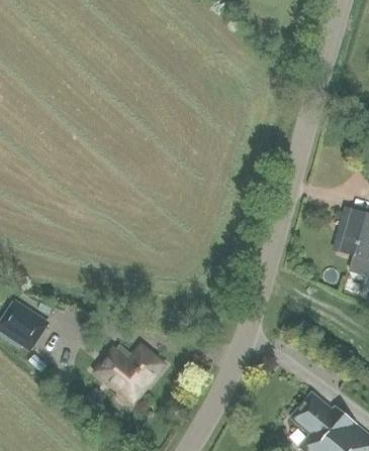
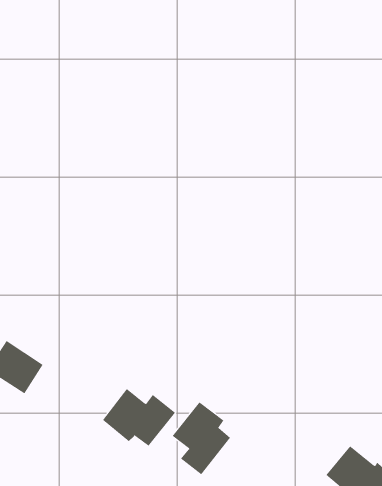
building: none -> [172,402,231,475]

